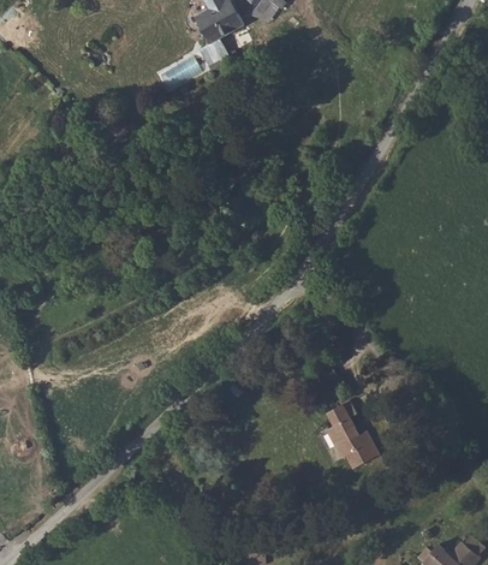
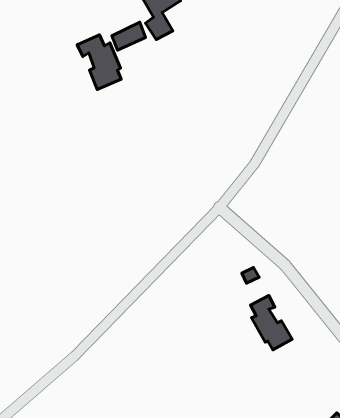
building: none -> [77,35,121,90]

